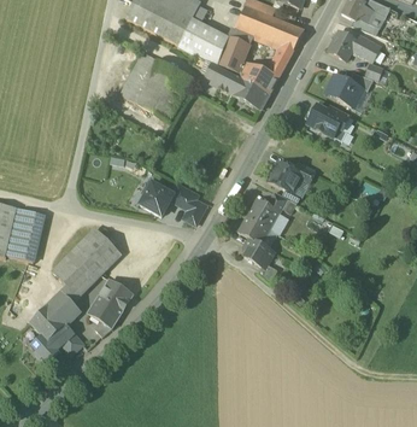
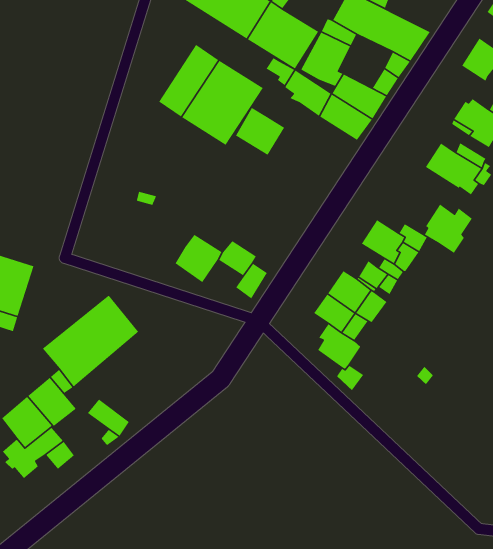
building: none -> [234,107,285,156]
building: none -> [424,203,473,254]
building: [95,279,133,316] -> none

